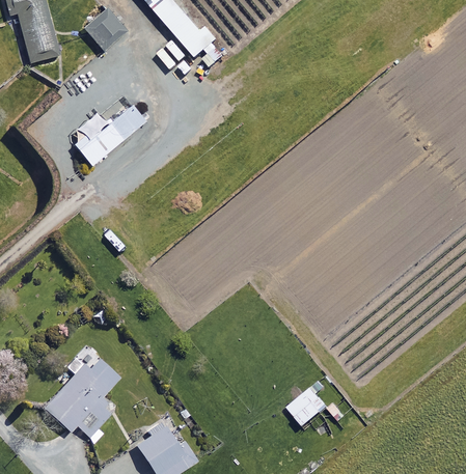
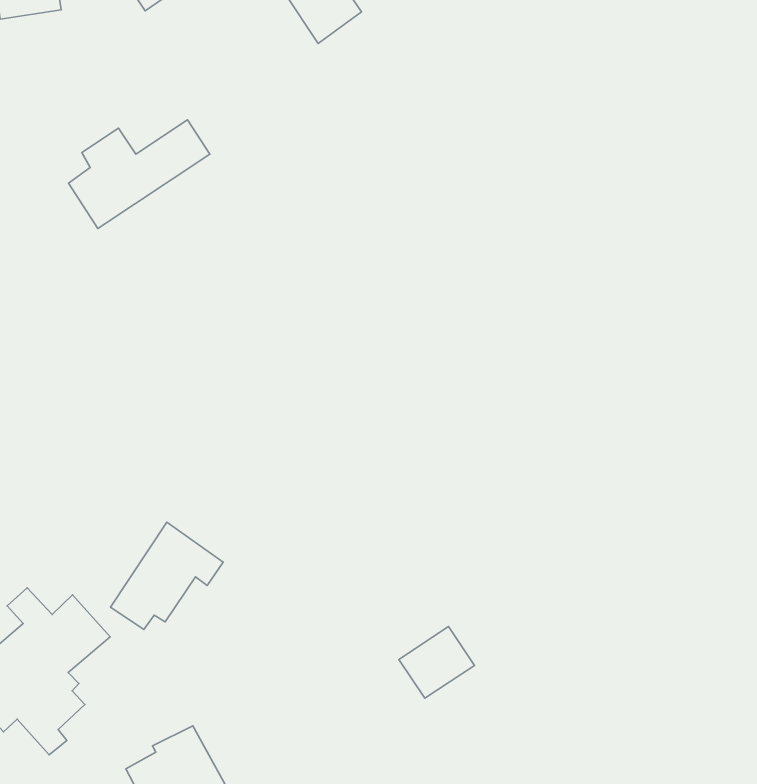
building: none -> [110,522,223,630]
building: [287,387,327,425] -> [399,627,474,698]

